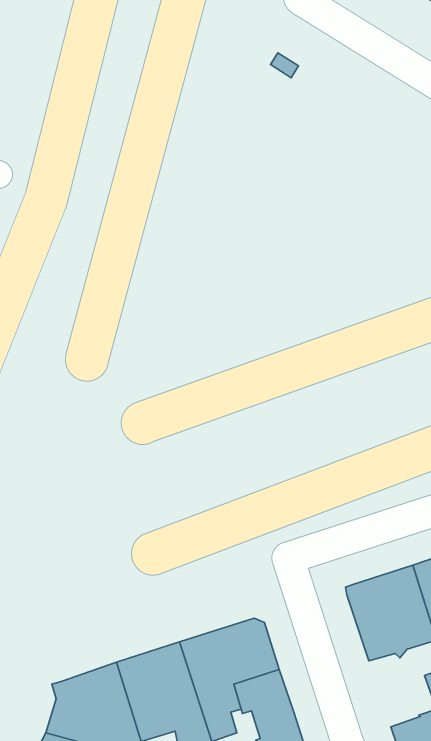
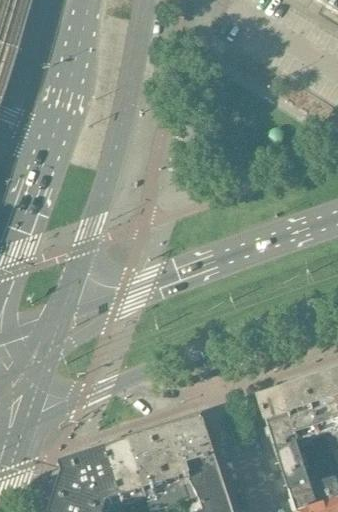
building: none -> [276,445,311,495]

